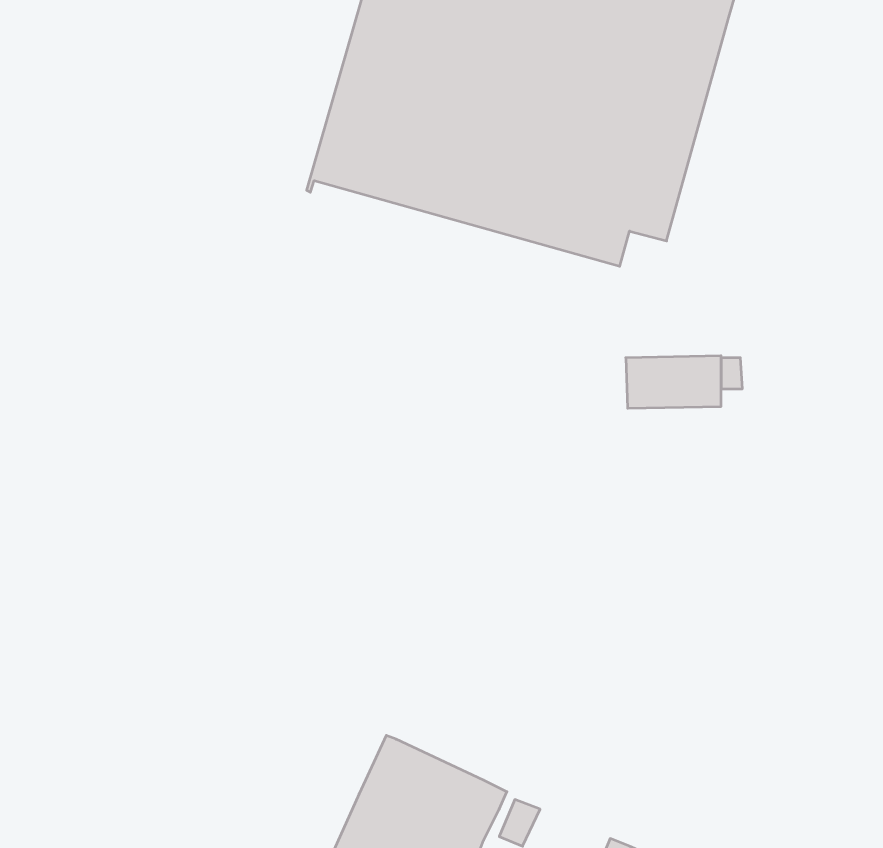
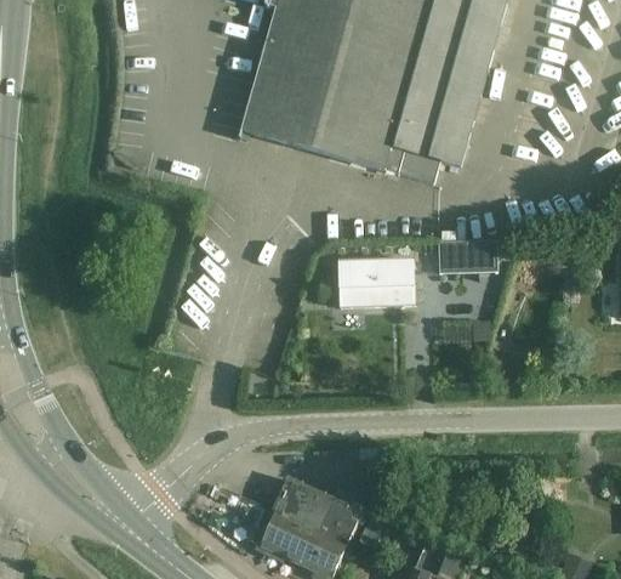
building: none -> [340,260,417,305]

